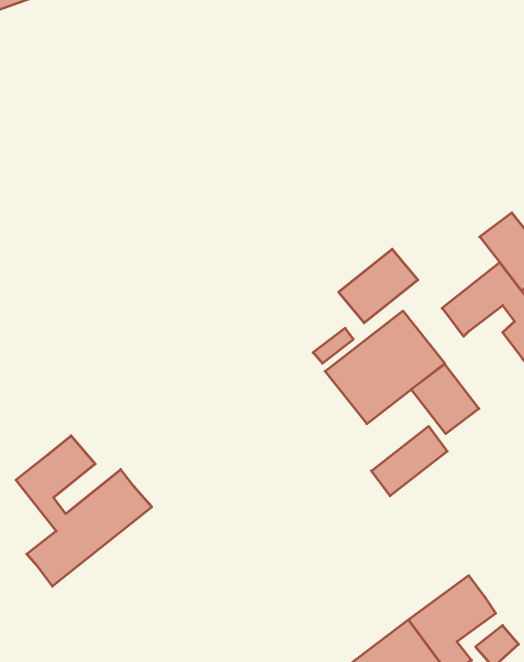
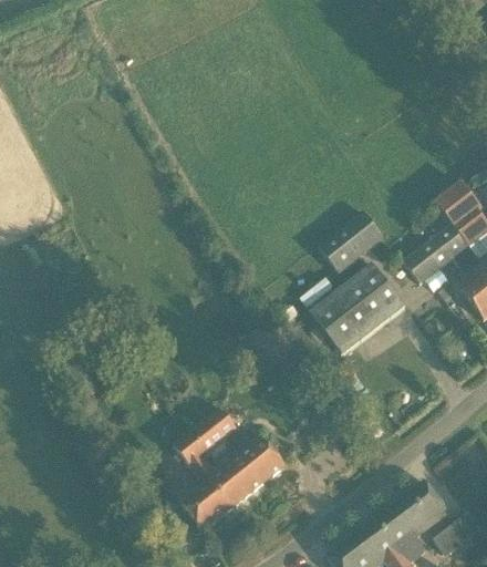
building: [411,364,479,434] -> none
building: [371,426,447,496] -> none
building: [16,436,152,586] -> [174,404,286,528]

